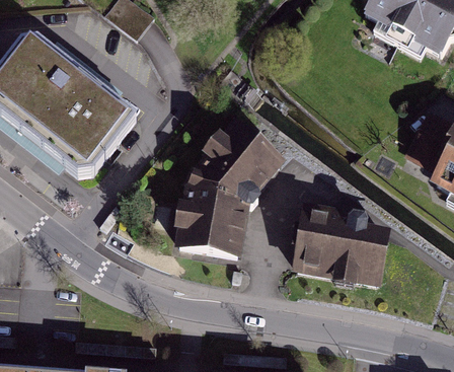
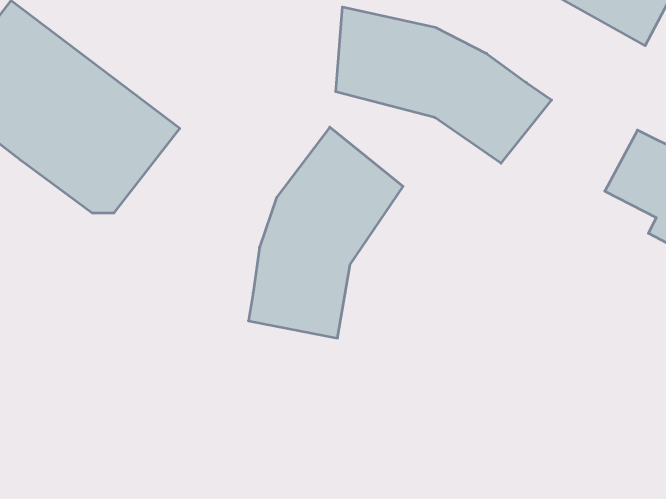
building: none -> [336,7,552,163]
building: [297,205,385,279] -> none

